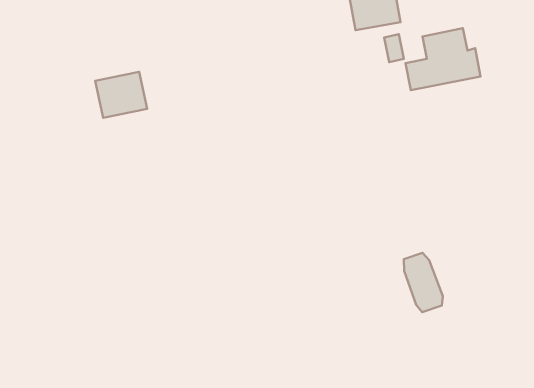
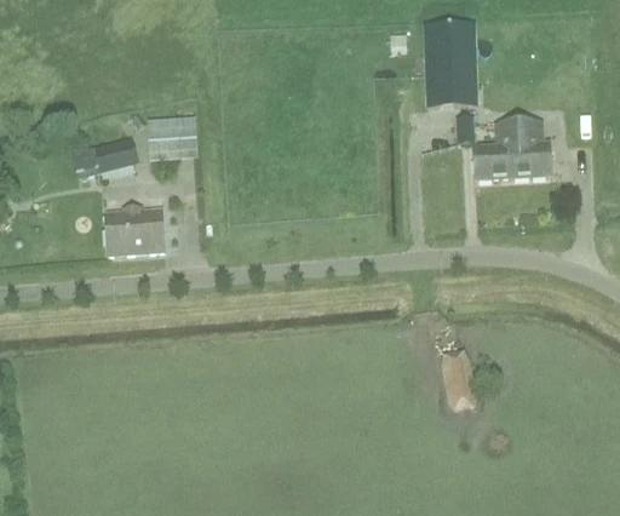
building: none -> [71,138,137,177]
building: none -> [105,206,165,254]

